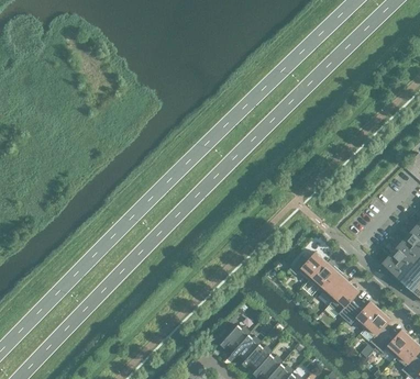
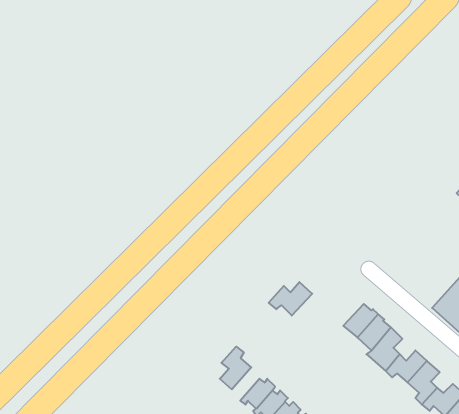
building: [288,252,325,280] -> [269,282,312,316]
building: none -> [220,347,251,389]

